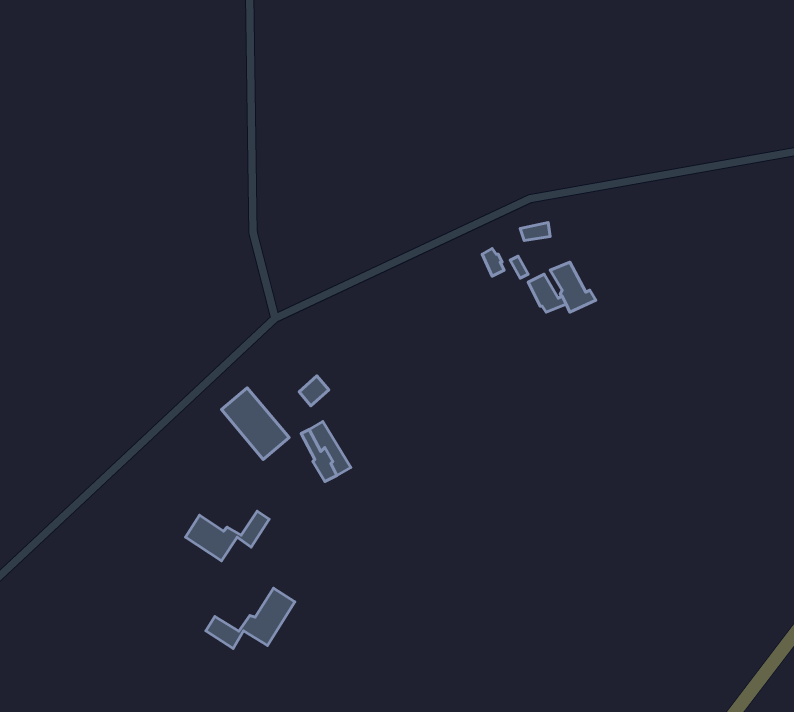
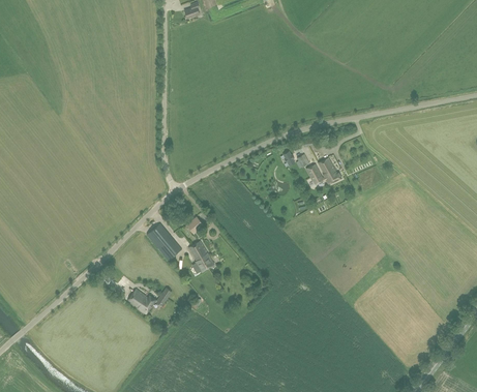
building: [206,588,295,649] -> none

